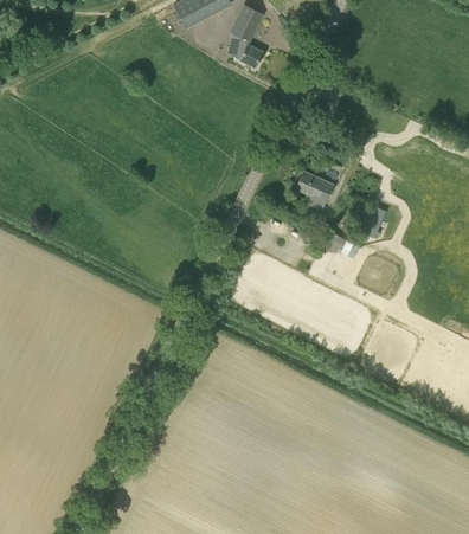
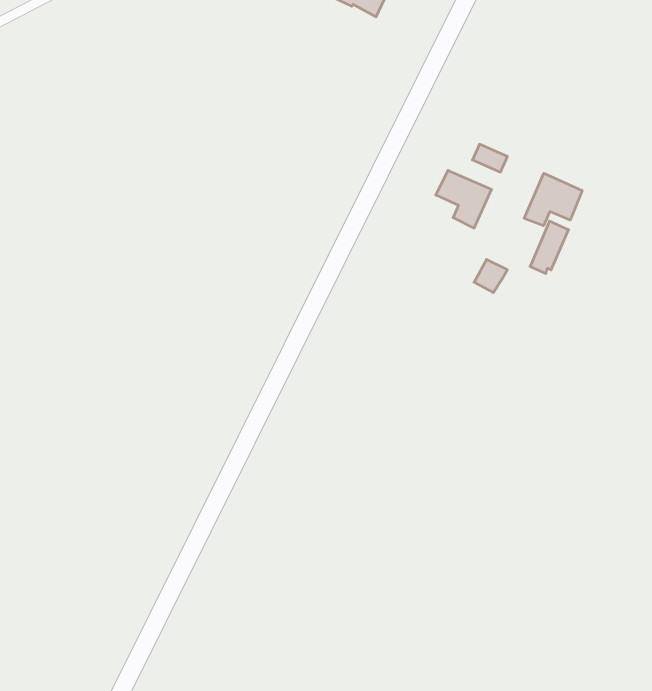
building: none -> [524,173,582,226]

